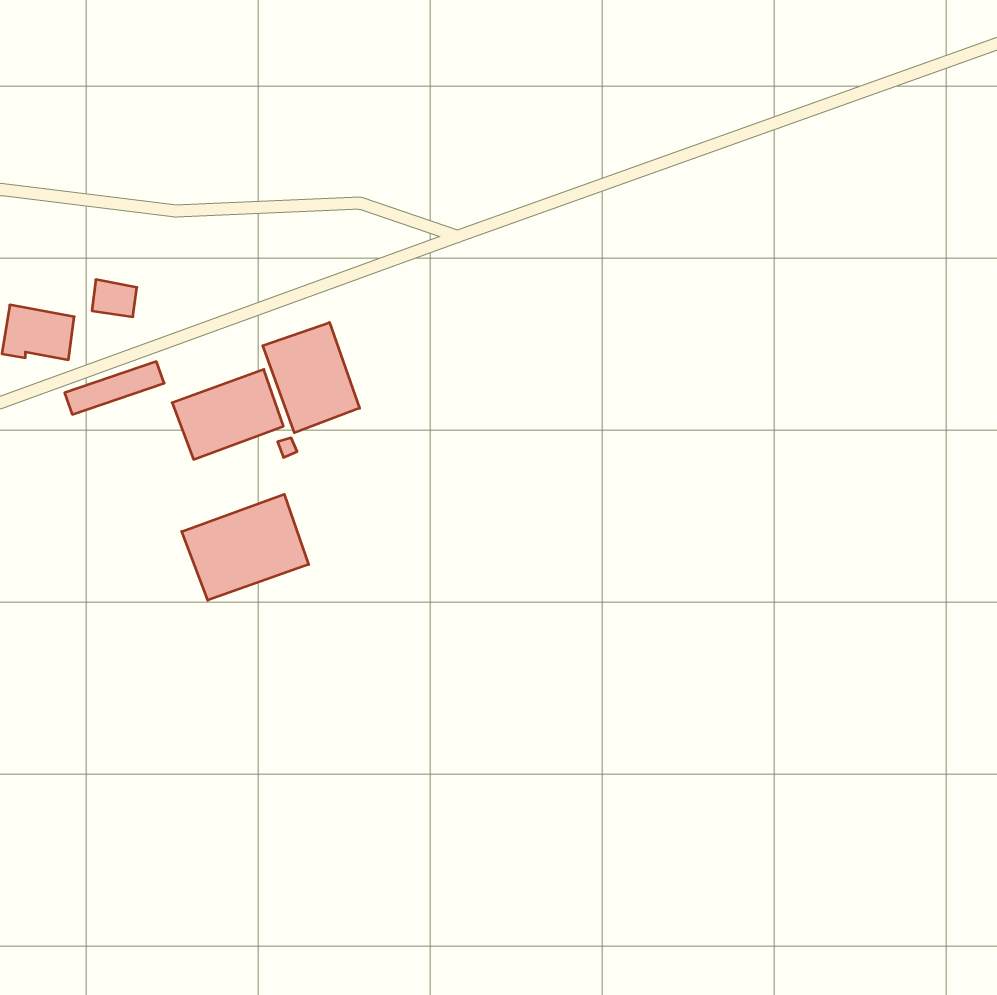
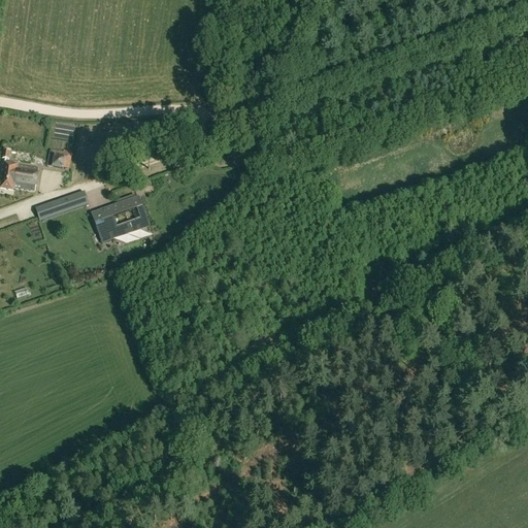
building: [263,322,360,433] -> none
building: [182,494,309,600] -> none

